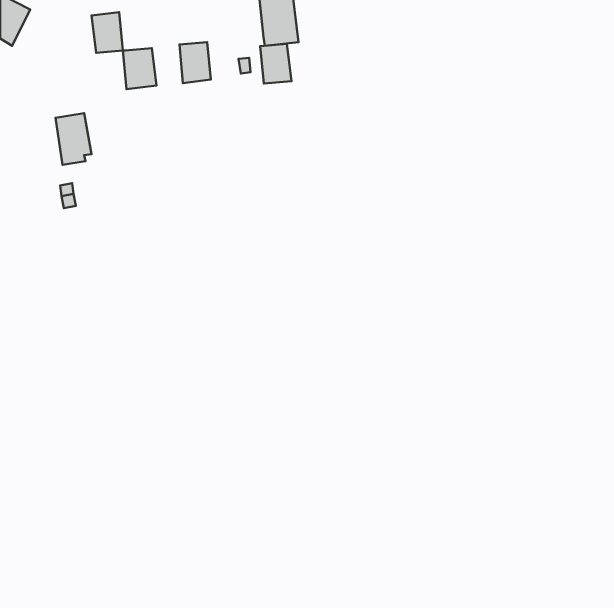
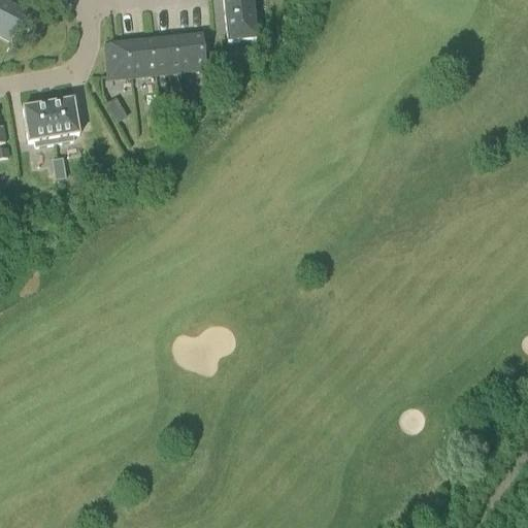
building: [91,12,123,53] -> [131,38,158,73]
building: [260,44,292,83] -> [178,34,205,68]
building: none -> [23,101,55,144]

